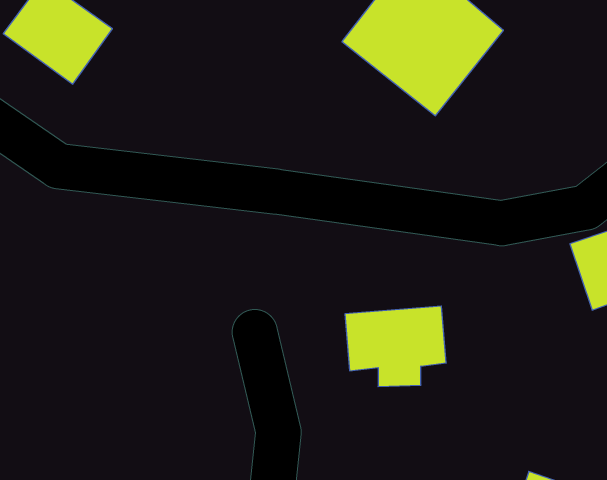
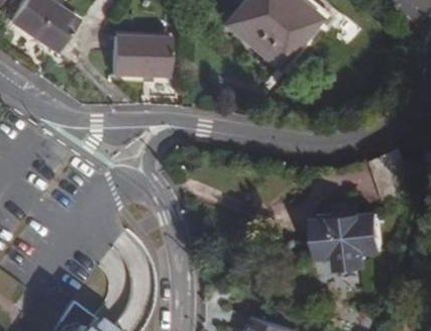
building: none -> [112,39,167,77]
building: [345,306,446,387] -> [314,214,379,265]

